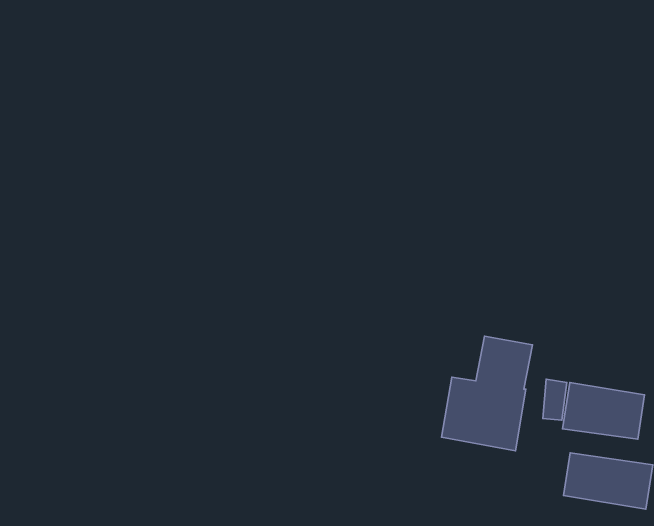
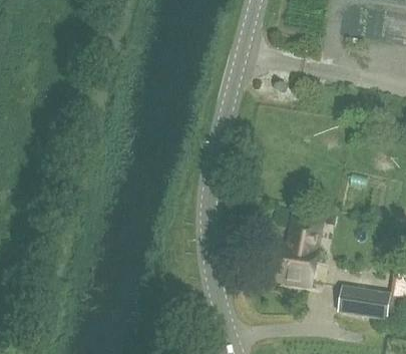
building: [563,383,644,439] -> none

